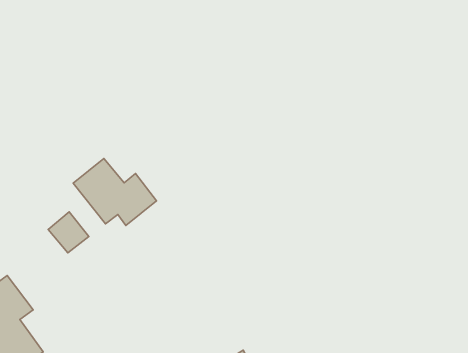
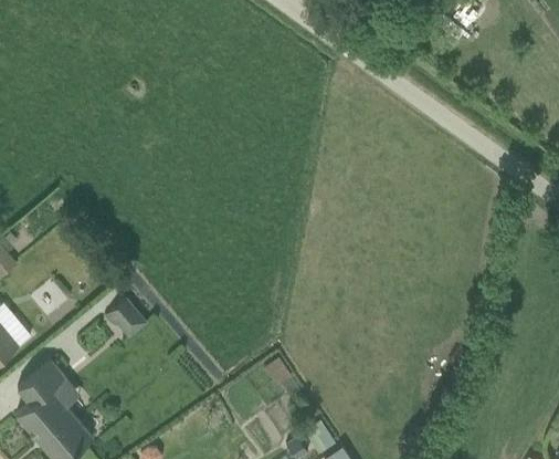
building: [73,158,157,226] -> none

